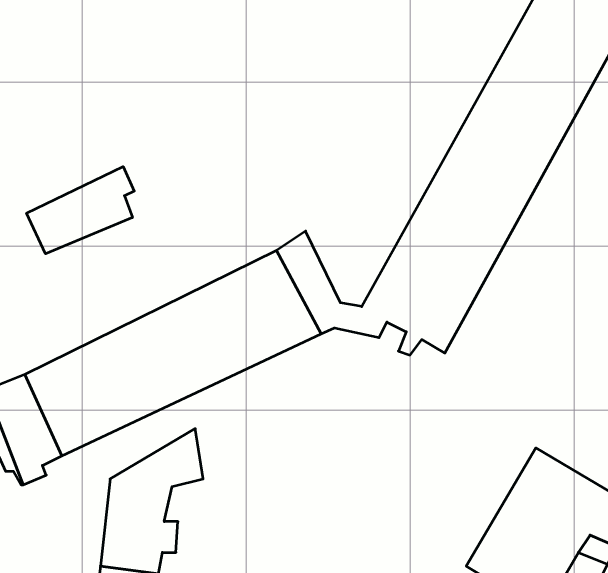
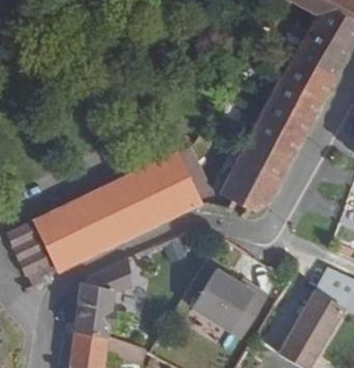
building: [27,167,134,254] -> none
building: none -> [196,264,259,325]

